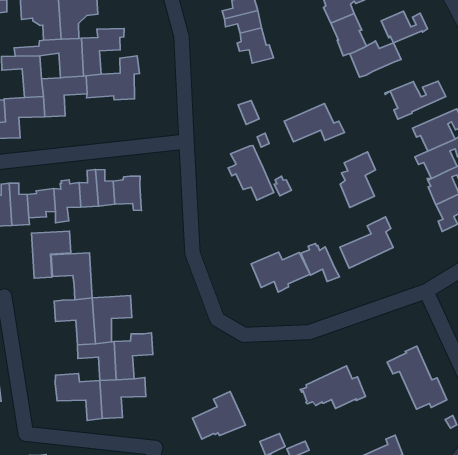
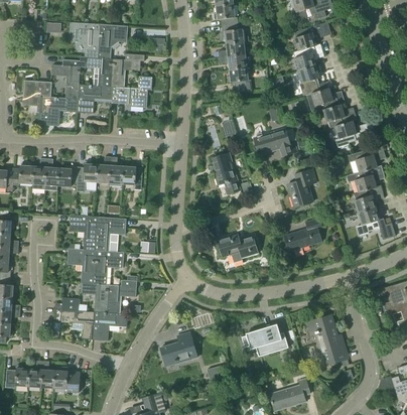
building: [381,11,428,43] -> [323,105,357,127]
building: [31,231,71,278] -> [97,217,127,251]
building: [301,243,339,282] -> none

